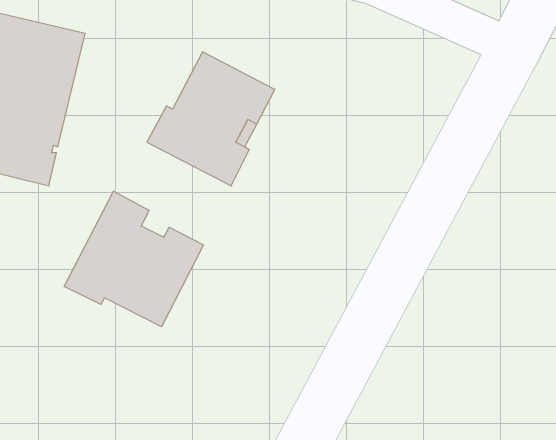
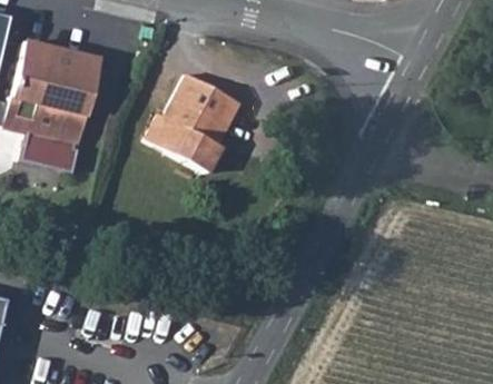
building: [64,191,204,327] -> none

